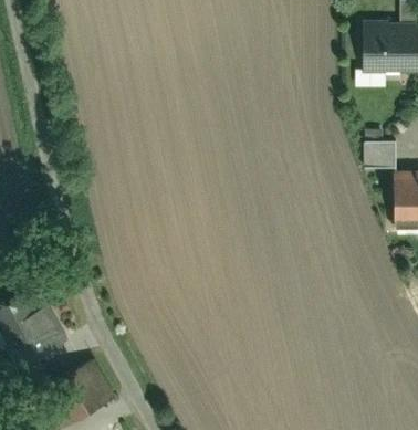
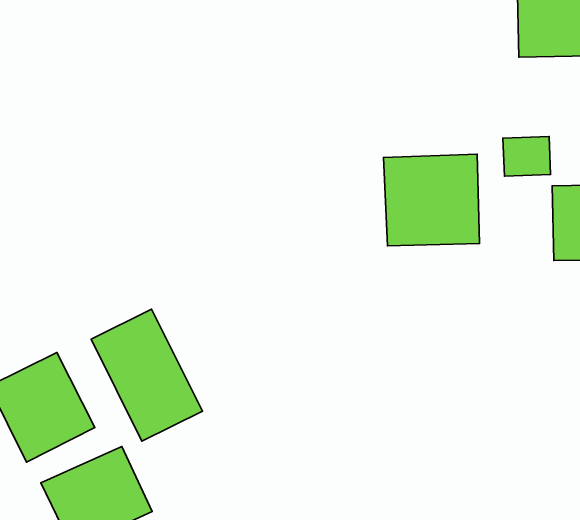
building: none -> [384,154,480,246]
building: none -> [91,309,202,441]

